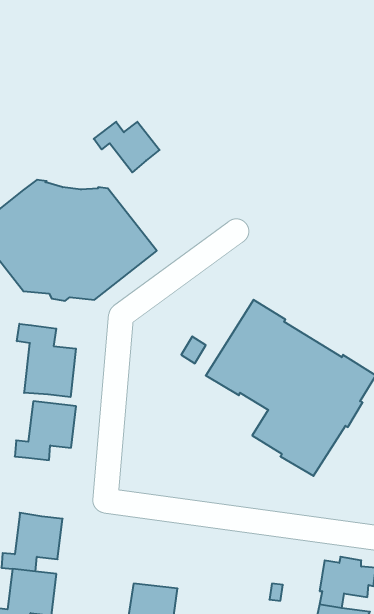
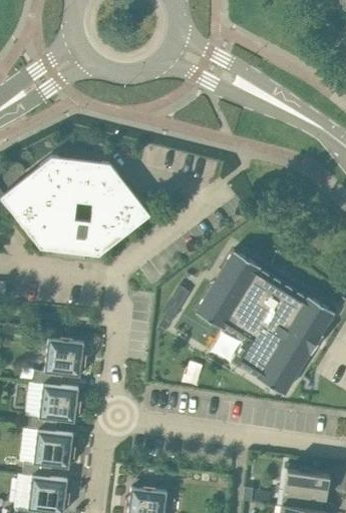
building: [94,122,160,172] -> none
building: [17,324,76,397] -> none
building: none -> [28,384,79,432]

